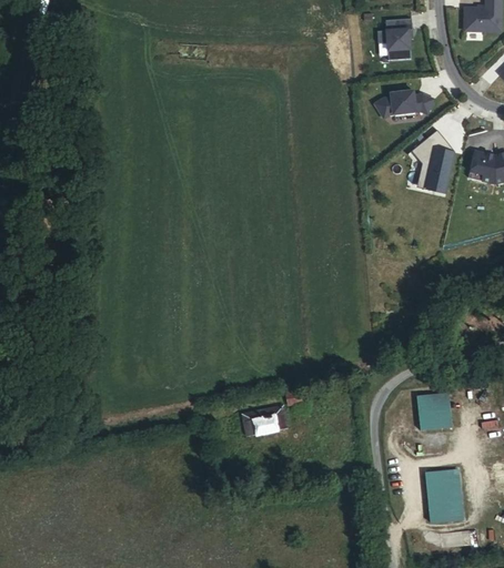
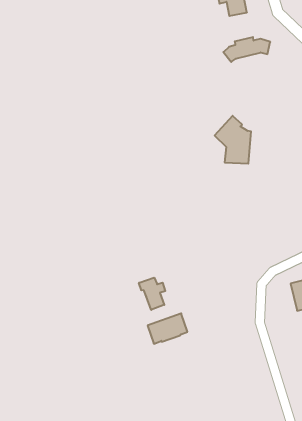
building: [411,129,456,190] -> [215,116,251,164]
building: none -> [139,278,165,310]

